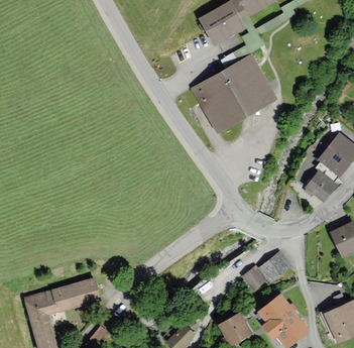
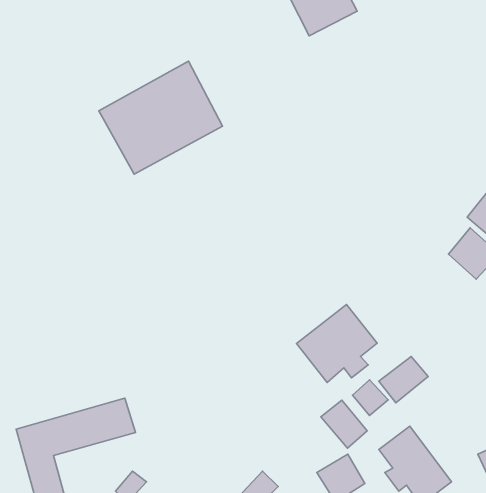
building: [194,56,274,130] -> [99,61,223,174]
building: none -> [297,304,377,383]
building: none -> [321,400,367,448]

